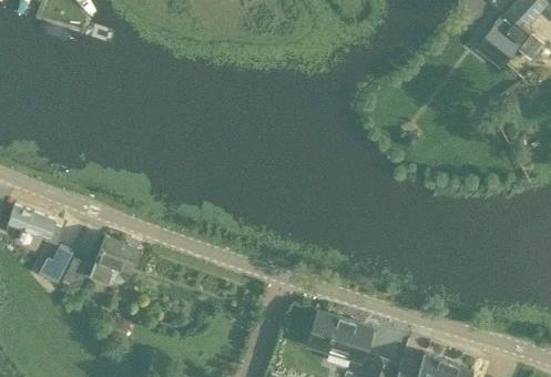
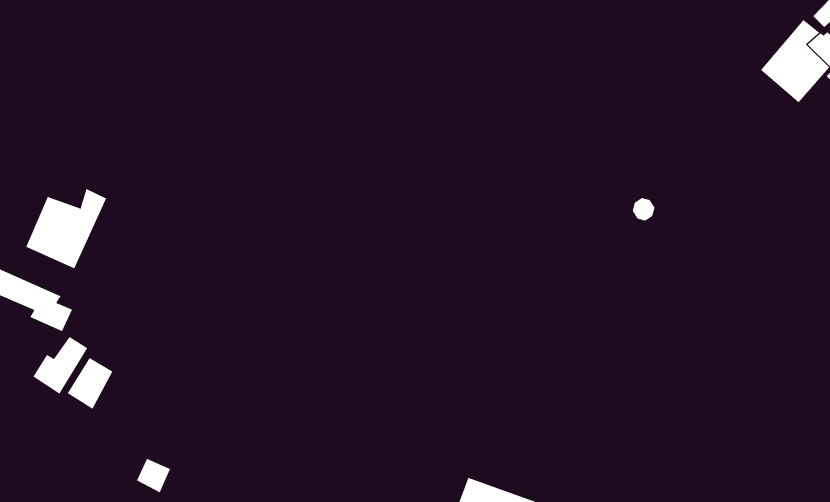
building: none -> [25,188,107,269]
building: [91,235,140,279] -> none

